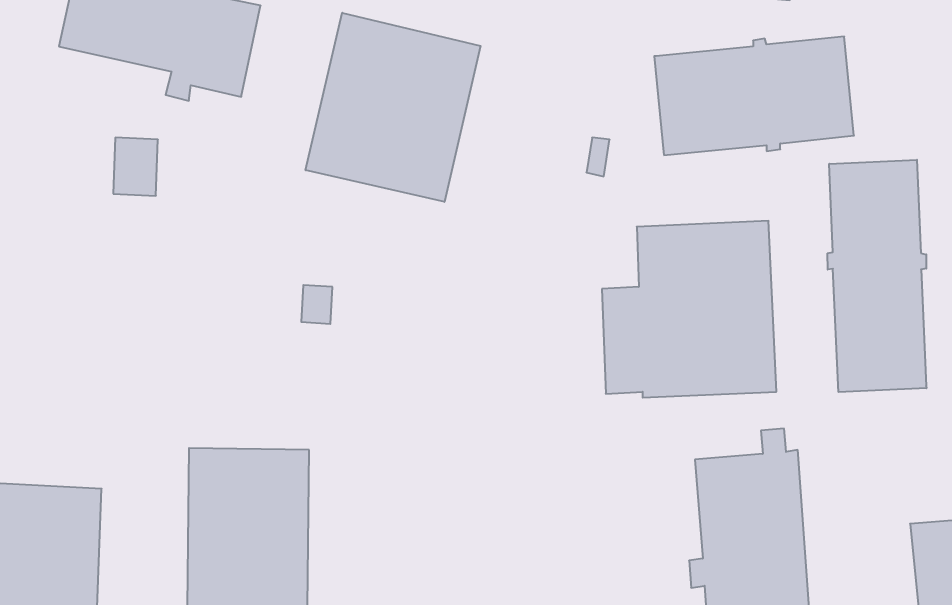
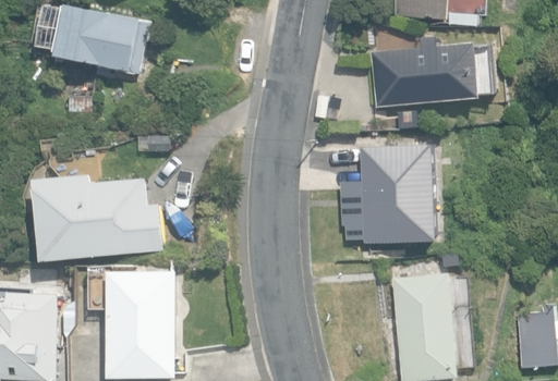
building: [306,13,481,202] -> none
building: [828,160,926,392] -> none
building: none -> [37,173,161,259]

